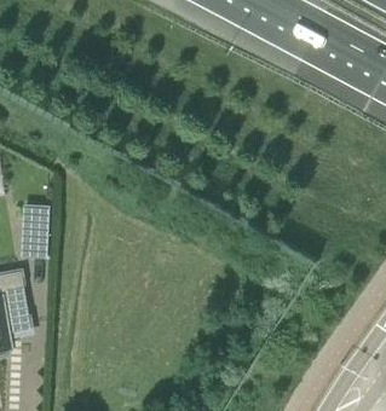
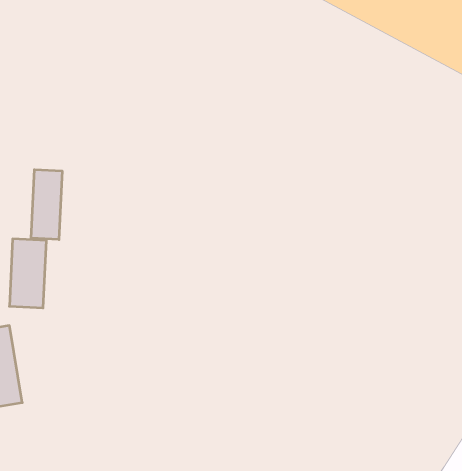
building: none -> [31,170,62,240]

